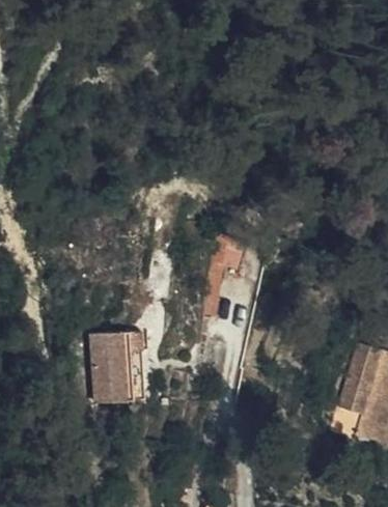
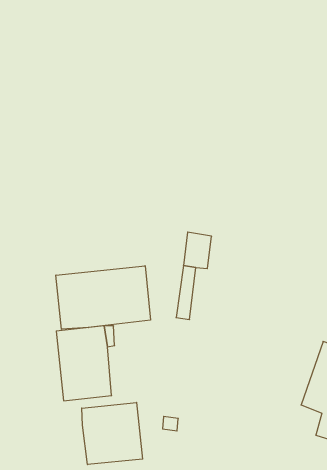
building: none -> [56,266,150,329]
building: none -> [82,402,143,465]

